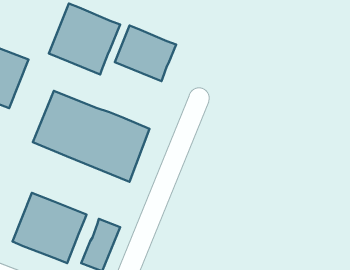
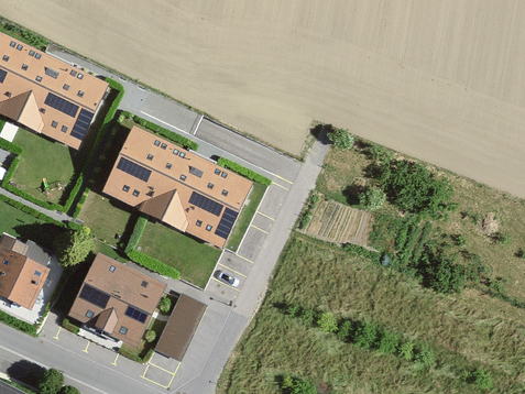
building: [49,4,120,74] -> none
building: [115,26,176,81] -> none

